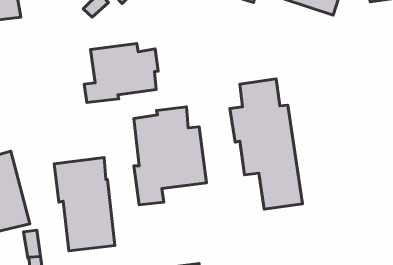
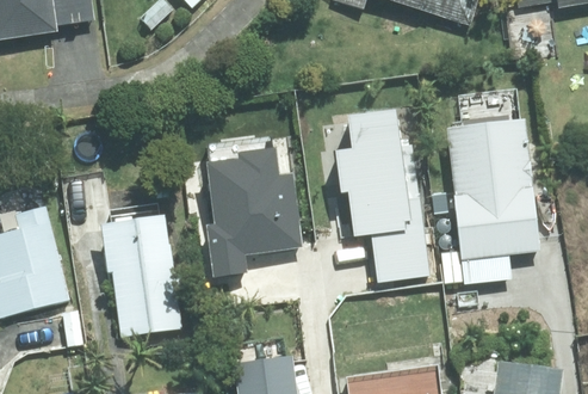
building: [84,44,158,103] -> none
building: none -> [439,119,539,285]

